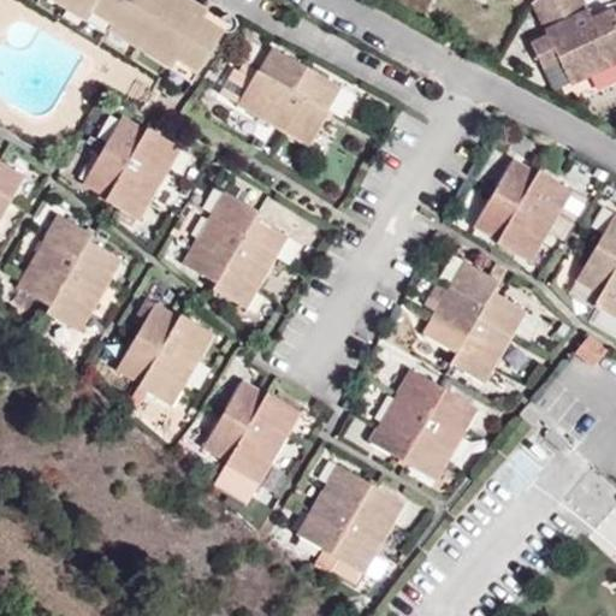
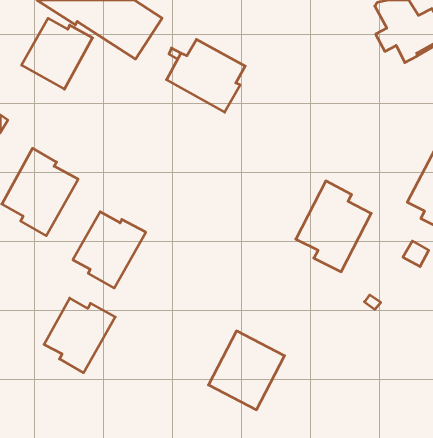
building: [76,114,176,214] -> [22,18,93,89]
building: [488,165,586,268] -> none
building: [174,184,280,304] -> none
building: [371,369,474,479] -> none
building: [206,383,306,487] -> [44,298,115,373]

